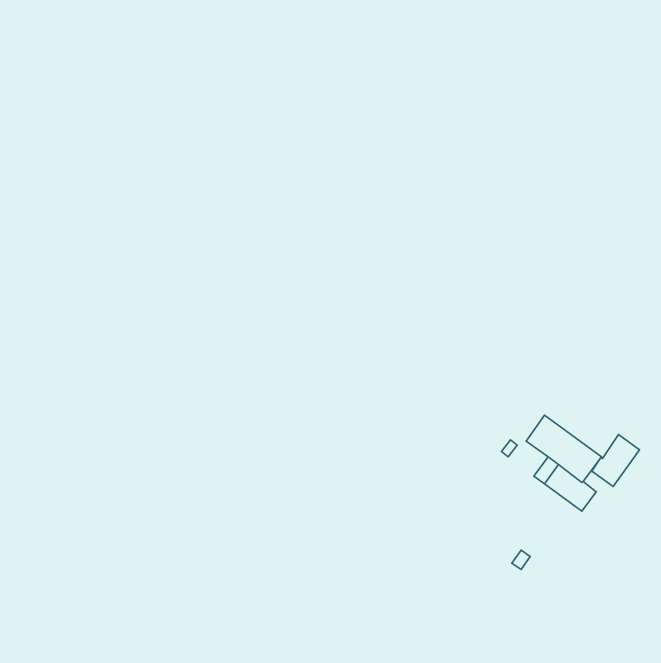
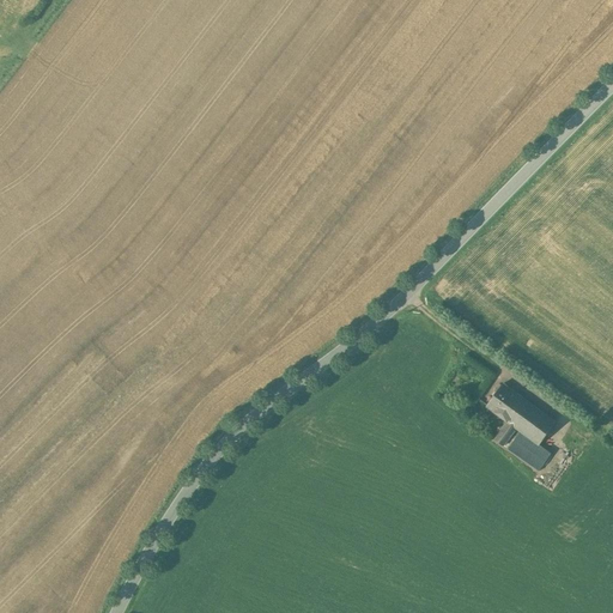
building: [592,435,640,486] -> none

